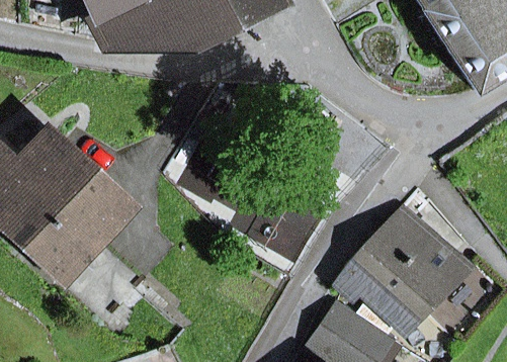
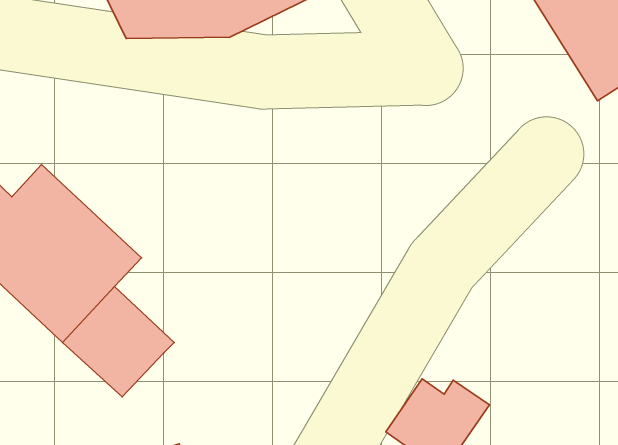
building: [336,212,467,326] -> none

